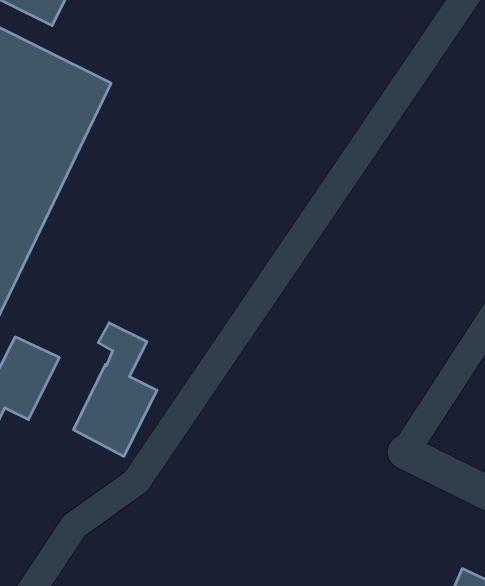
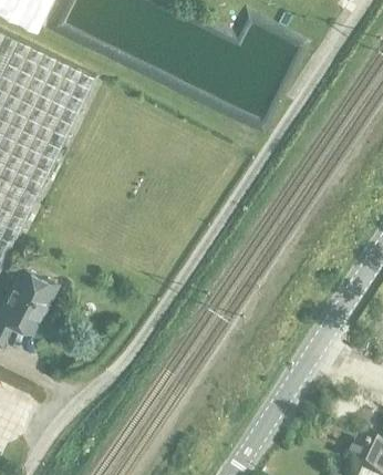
building: [74,323,157,456] -> none

